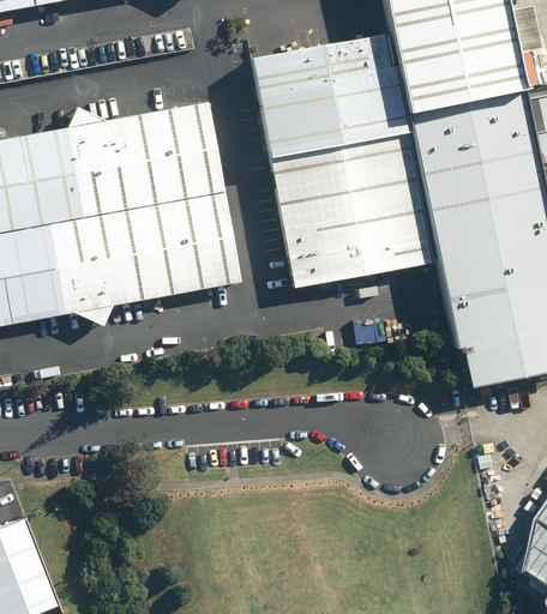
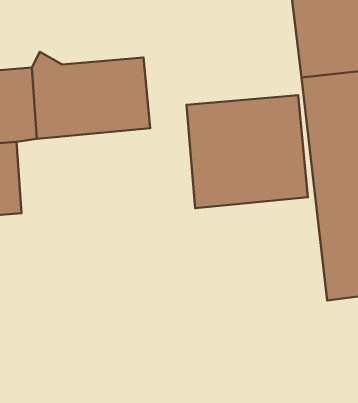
building: [251,34,409,157] -> none
building: [58,191,241,326] -> none

